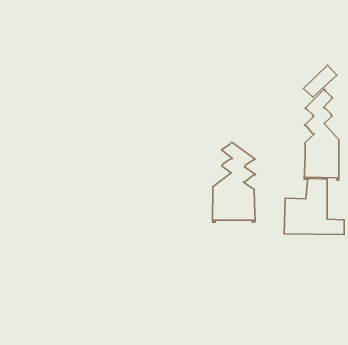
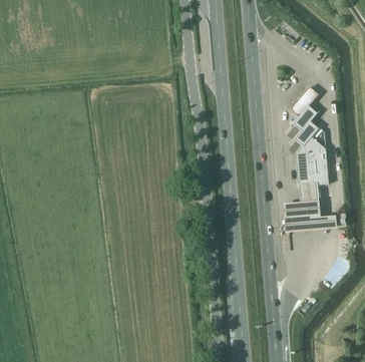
building: [213,142,255,222] -> none

